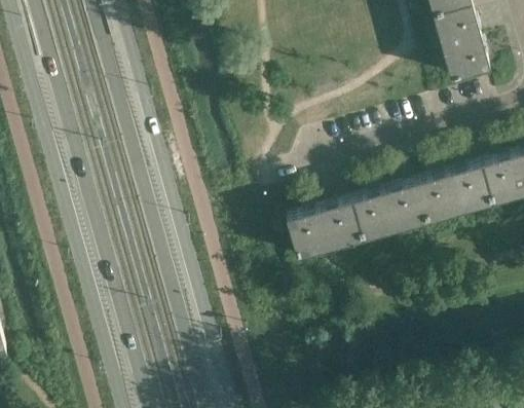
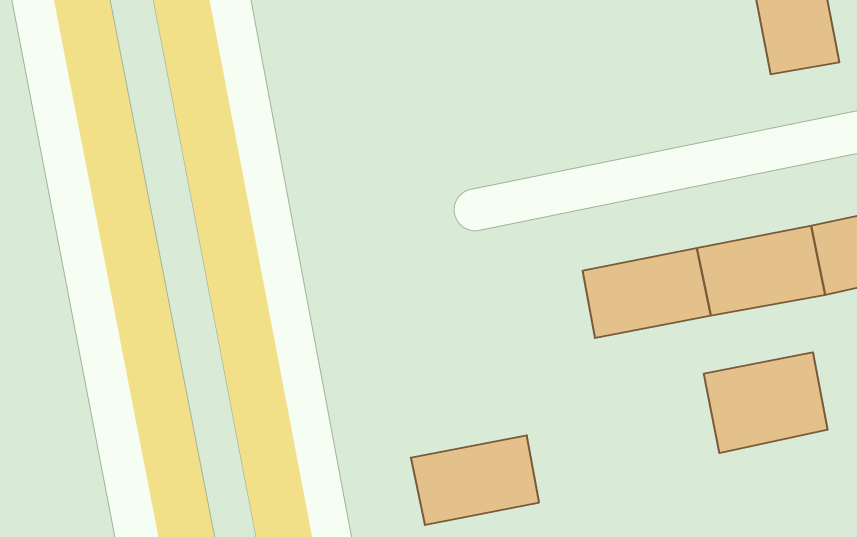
building: [286,201,362,258] -> [411,435,539,525]
building: none -> [704,352,827,453]

